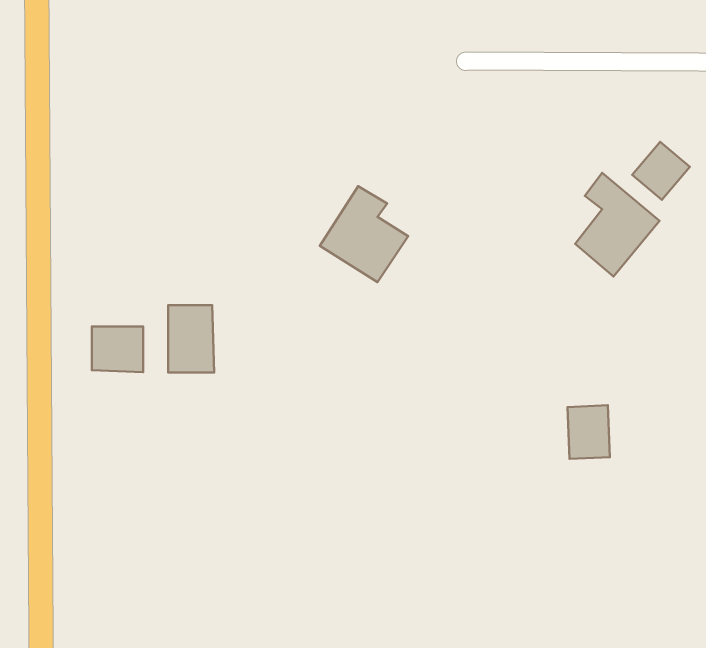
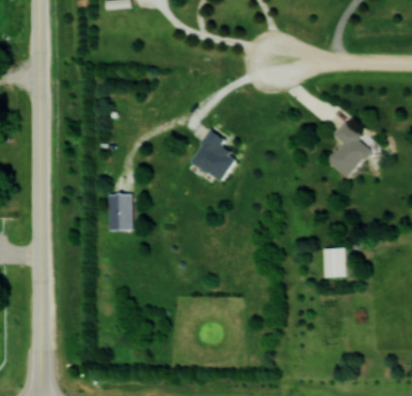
building: [632,142,690,200] -> none
building: [92,327,143,372] -> none

